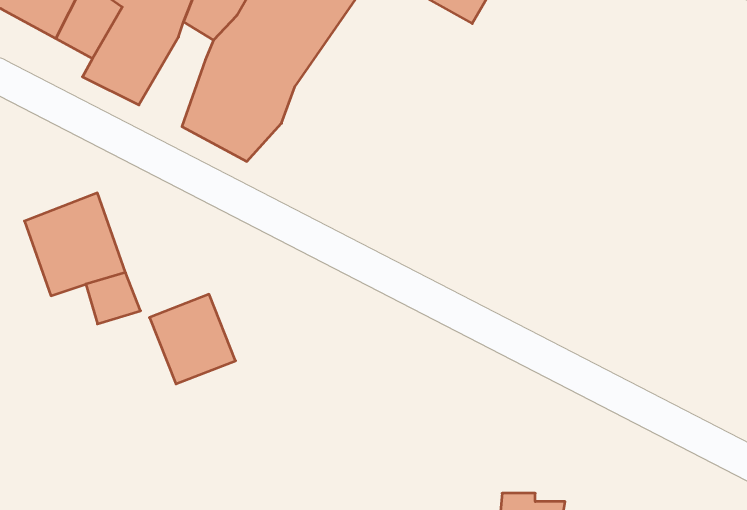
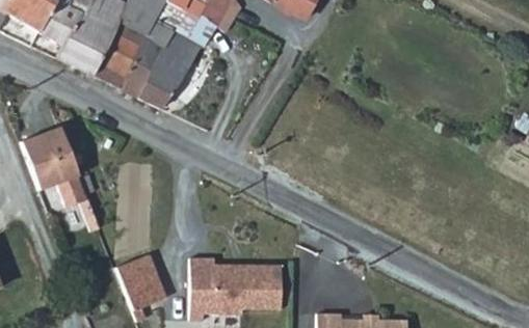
building: none -> [92,21,139,86]
building: [149,294,236,384] -> [112,256,166,312]
building: none -> [191,258,283,321]

